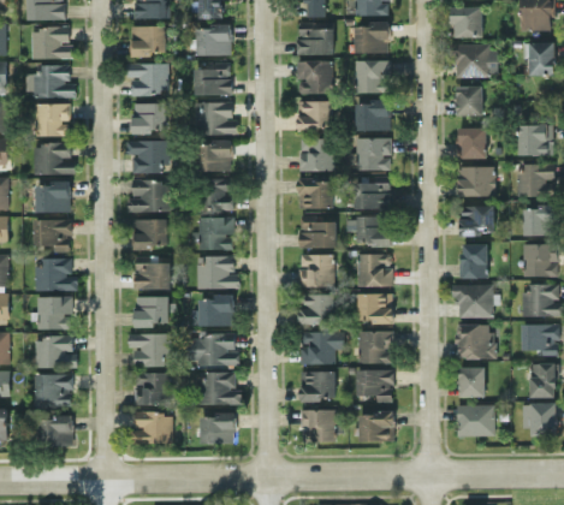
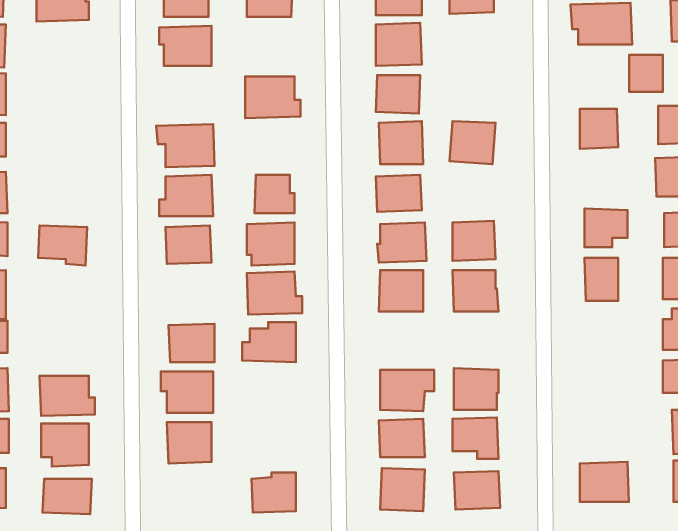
building: [355,60,390,93] -> none
building: [195,63,232,95] -> none
building: [25,65,76,96] -> none
building: [456,87,482,115] -> [629,55,663,92]
building: [355,101,391,130] -> none
building: [34,103,70,136] -> none
building: [132,103,167,132] -> none
building: [198,141,232,171] -> none
building: [32,143,76,174] -> none
building: [459,166,494,196] -> none
building: [354,177,390,208] -> none
building: [35,182,71,212] -> none
building: [132,256,171,289] -> none
building: [36,257,77,290] -> none
building: [456,284,493,319] -> none
building: [298,293,333,325] -> none
building: [358,293,393,322] -> none
building: [36,297,73,329] -> none
building: [457,323,493,358] -> none
building: [185,334,239,366] -> none
building: [459,367,486,397] -> none
building: [201,372,242,404] -> none
building: [130,412,172,444] -> none

